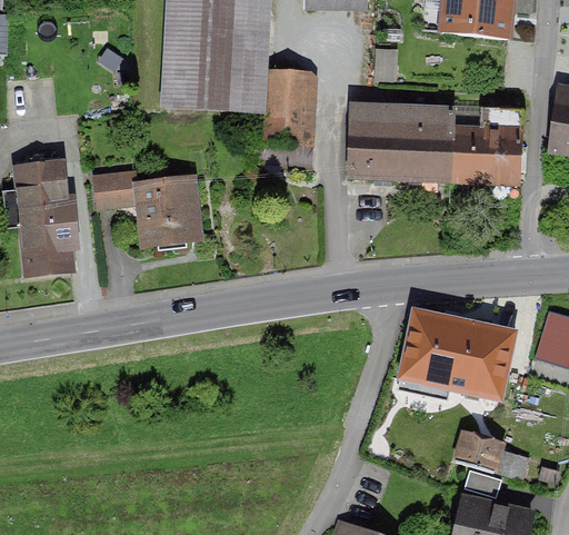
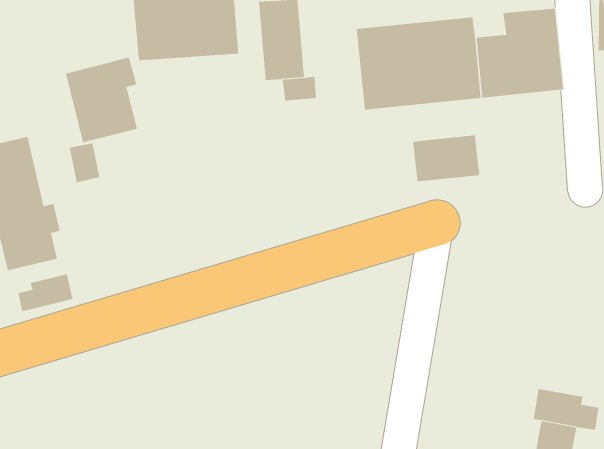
building: [137,175,197,242] -> [65,57,138,143]
building: none -> [412,135,480,182]
building: none -> [18,273,73,312]
building: [399,307,516,399] -> none

